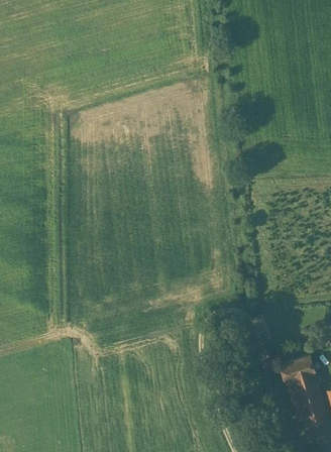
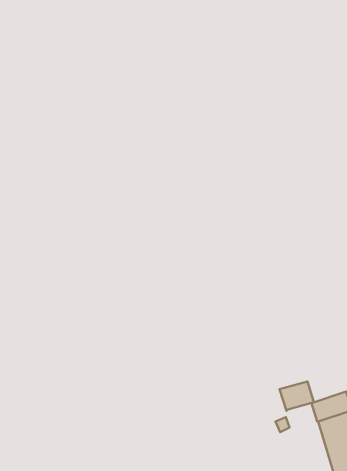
building: none -> [280,382,314,411]

